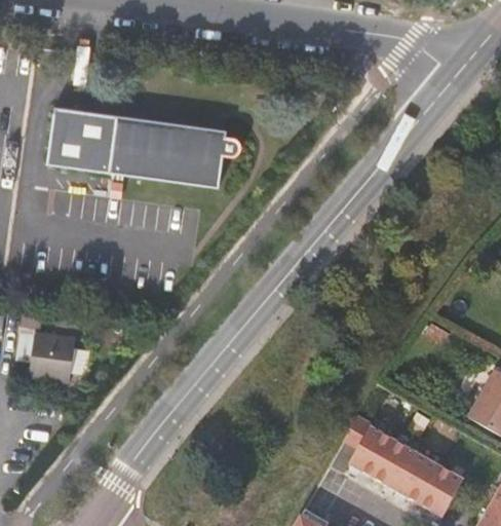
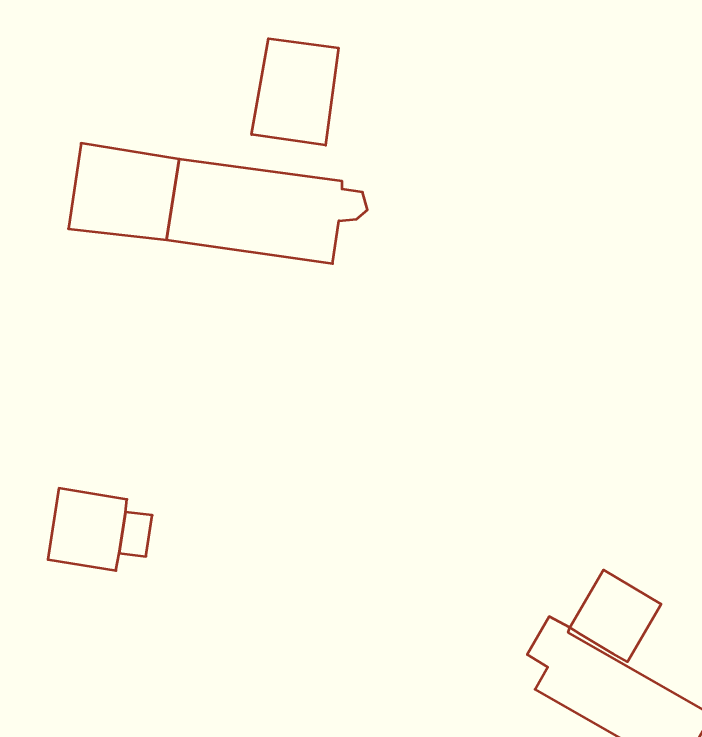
building: none -> [252,39,338,145]
building: none -> [570,570,661,662]

